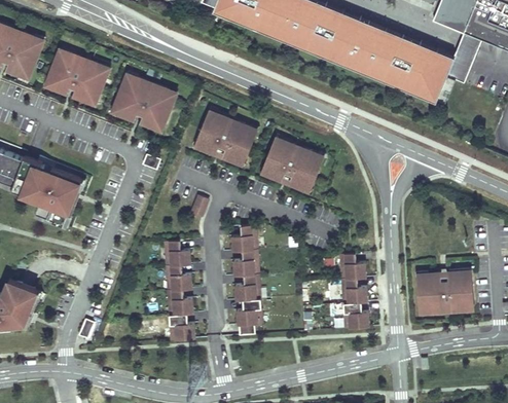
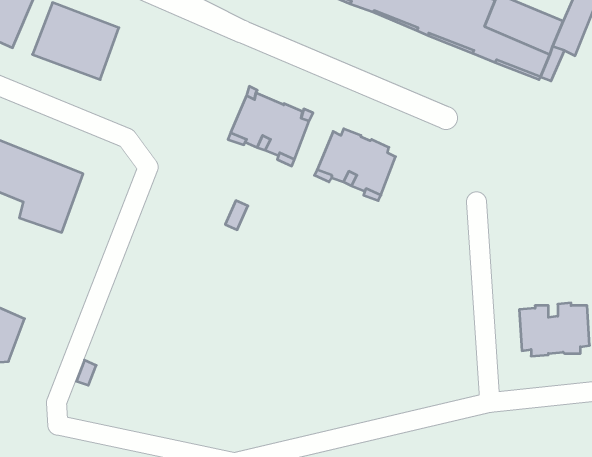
building: [109,70,177,131] -> none
building: [230,223,260,333] -> none
building: [162,236,192,336] -> none
building: [340,256,369,330] -> none

